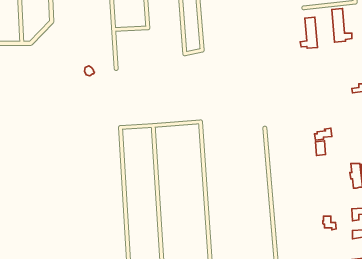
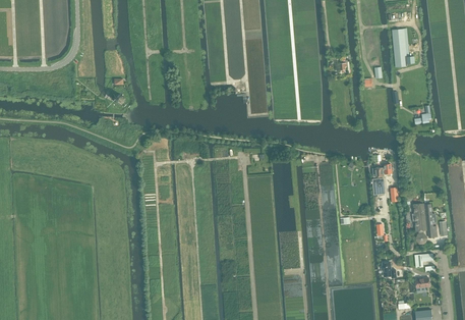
building: [300,17,317,48] -> none

